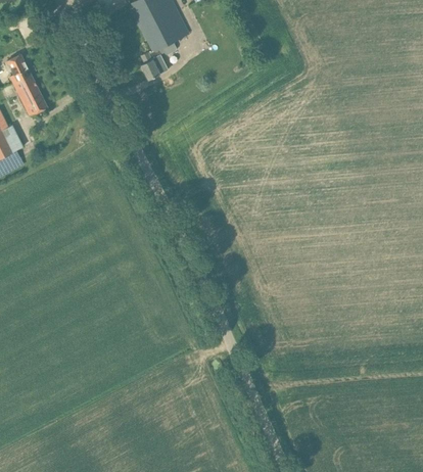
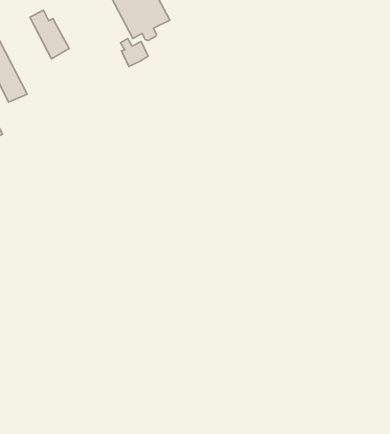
building: none -> [30,10,69,59]

